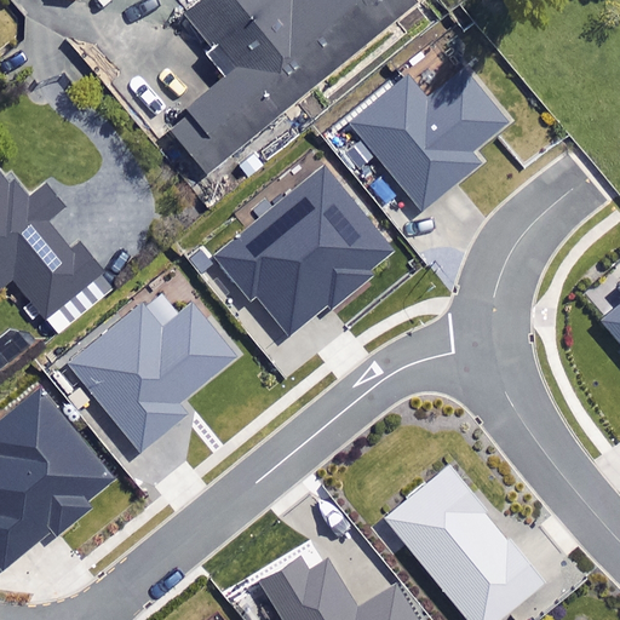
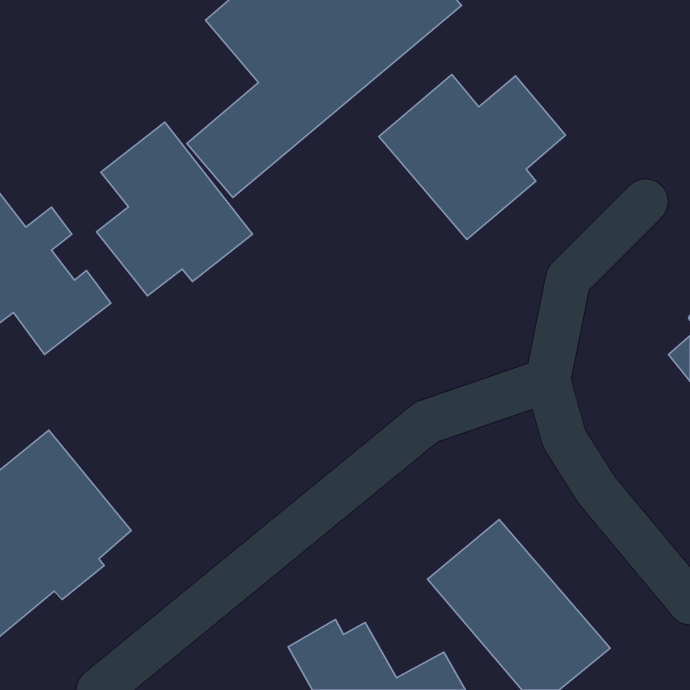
building: none -> [97,122,252,296]
building: [209,163,390,334] -> none
building: [67,292,241,452] -> none

